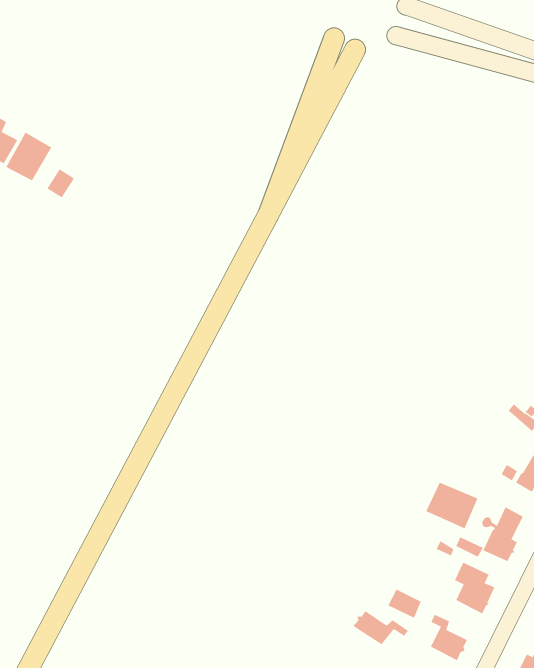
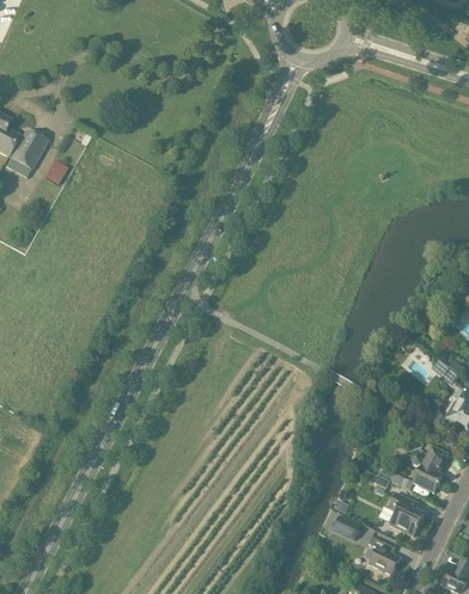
building: [425,482,478,529] -> none
building: [350,609,409,645] -> none

